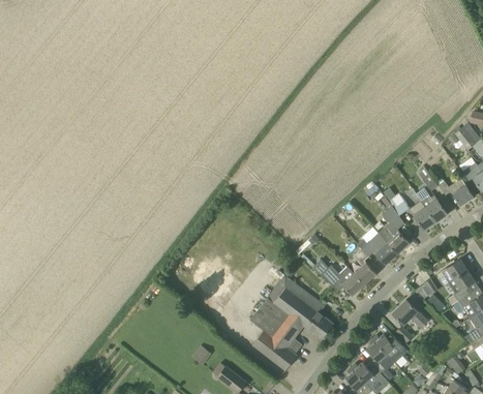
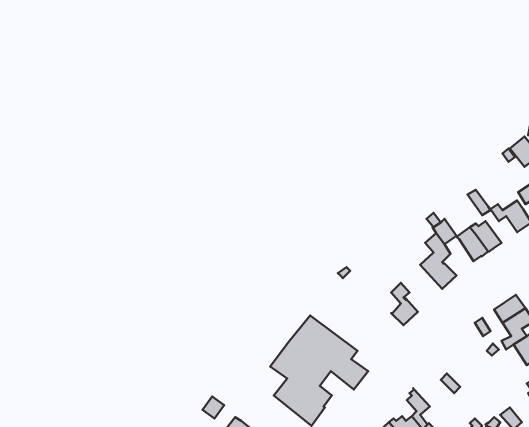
building: [358,234,397,266] -> none
building: [312,260,364,297] -> none
building: [393,300,428,329] -> none
building: [372,334,409,364] -> none

